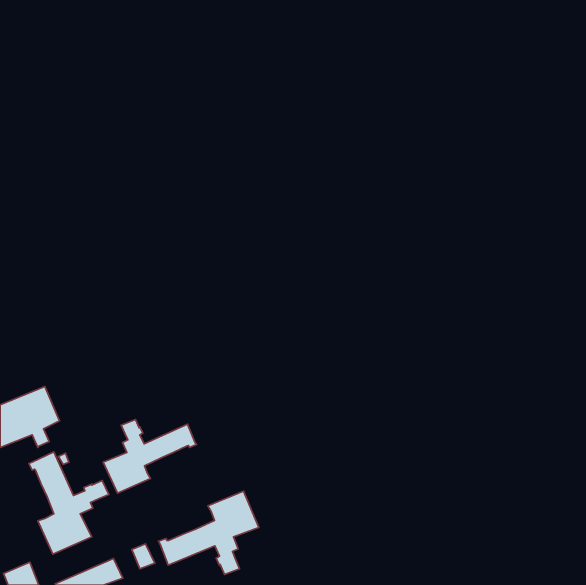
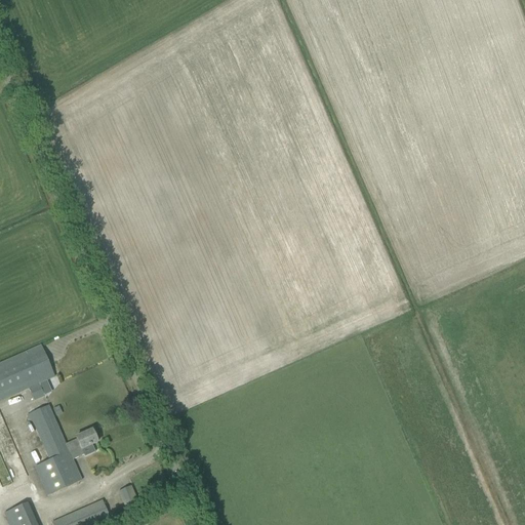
building: [103,419,196,493] -> none
building: [158,491,259,574] -> none

